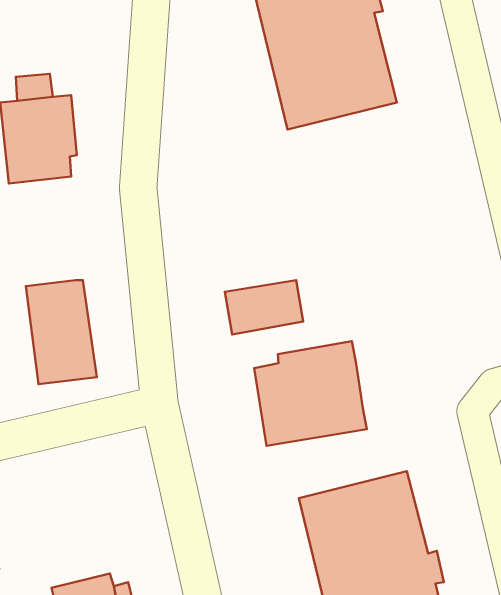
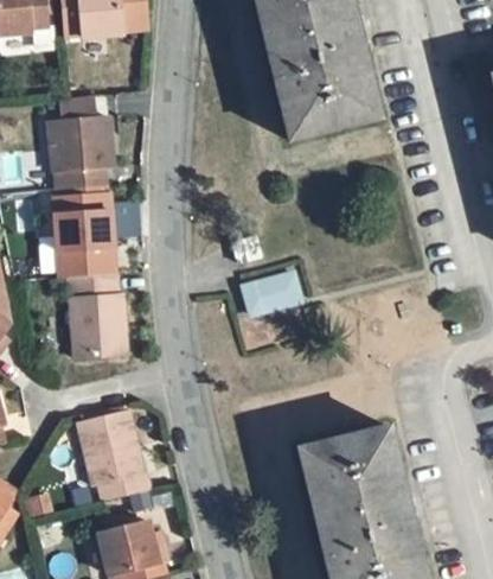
building: none -> [56,191,114,274]
building: [254,341,367,446] -> none
building: none -> [73,408,149,498]

